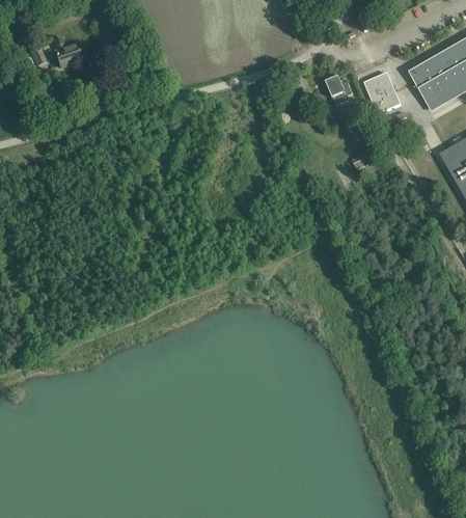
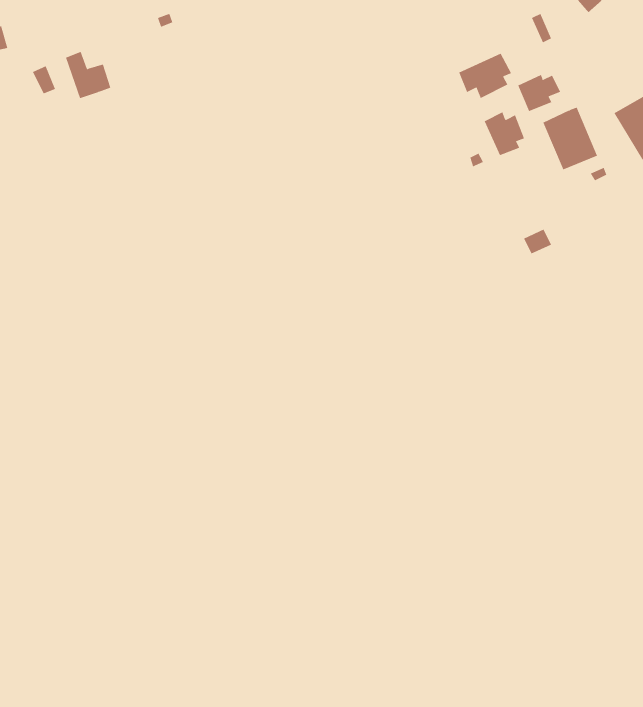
building: none -> [458,53,512,99]
building: none -> [518,74,561,112]

